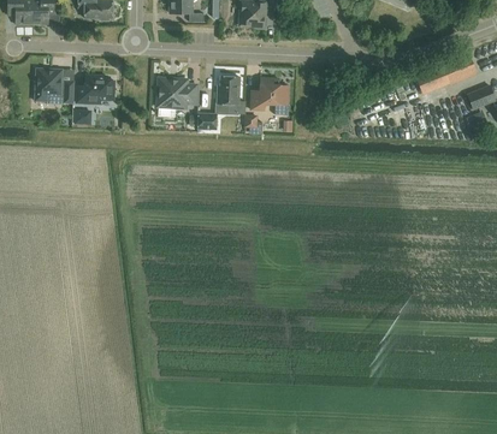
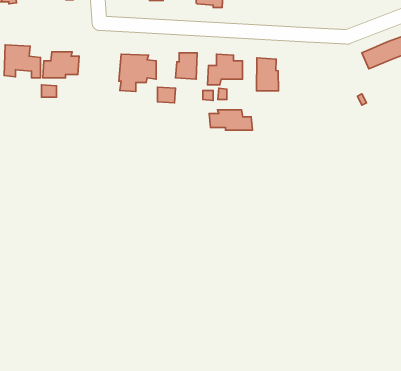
building: none -> [257,58,278,91]
building: none -> [209,110,252,130]

